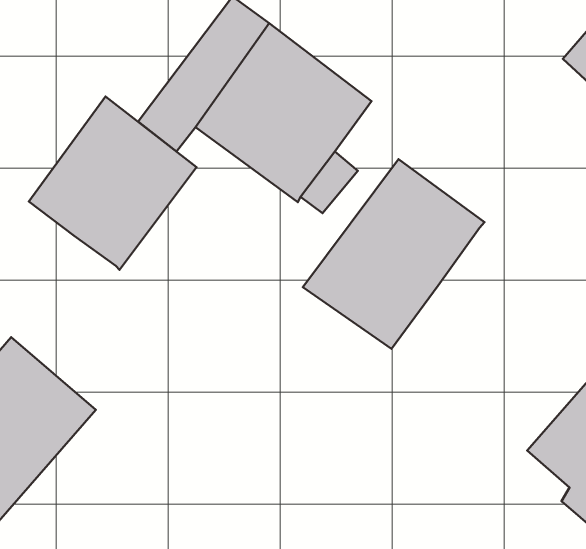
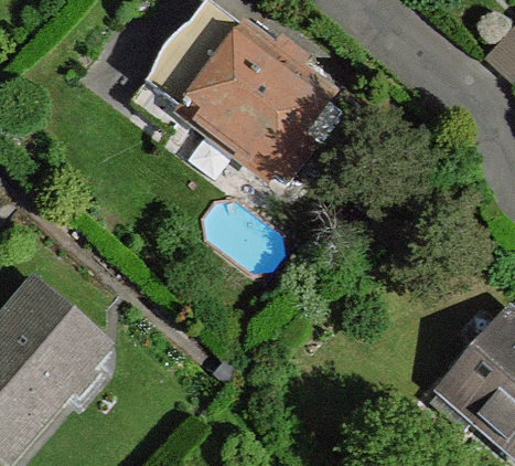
building: [29,96,197,270] -> none
building: [303,159,485,349] -> none

